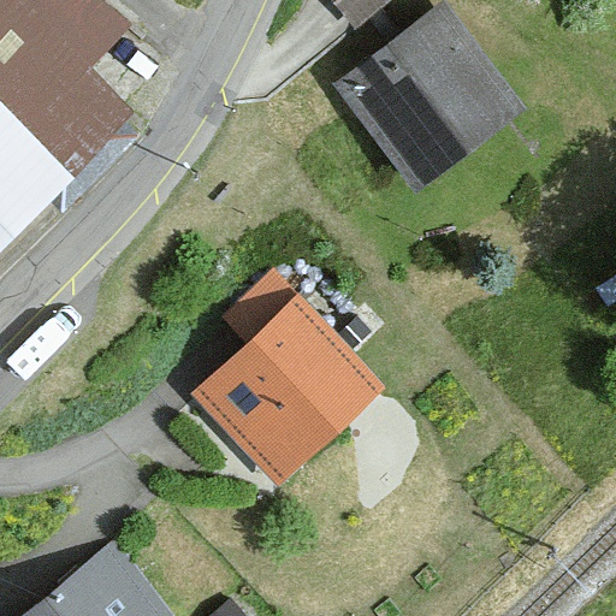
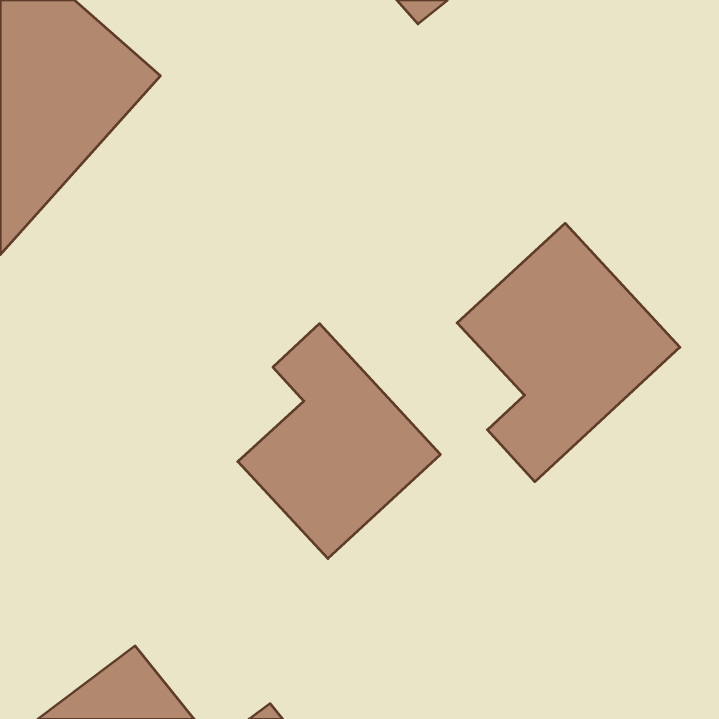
building: [343,11,517,185] -> none
building: none -> [457,223,680,482]

